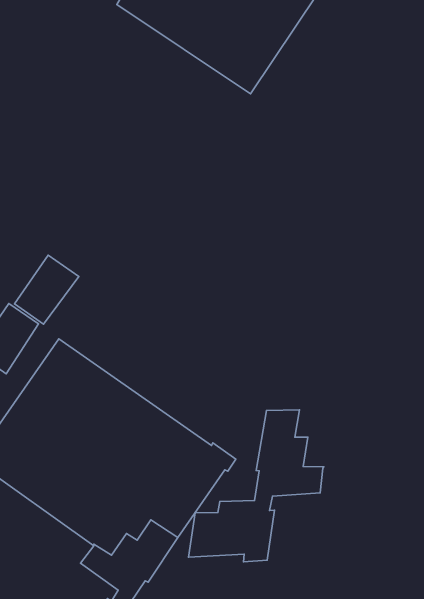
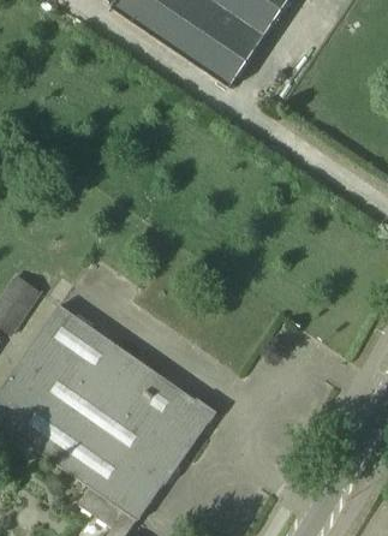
building: [15,255,79,324] -> none
building: [189,410,324,562] -> none

